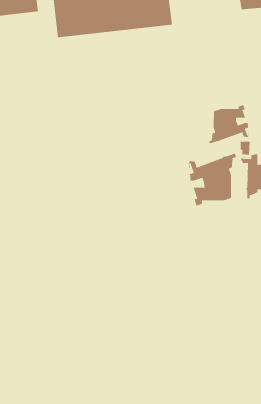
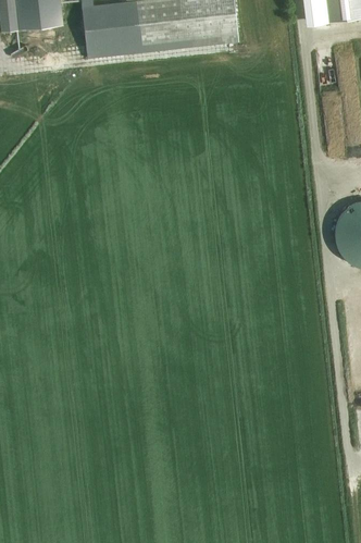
building: [208,104,249,144] -> none
building: [189,153,237,206] -> none

